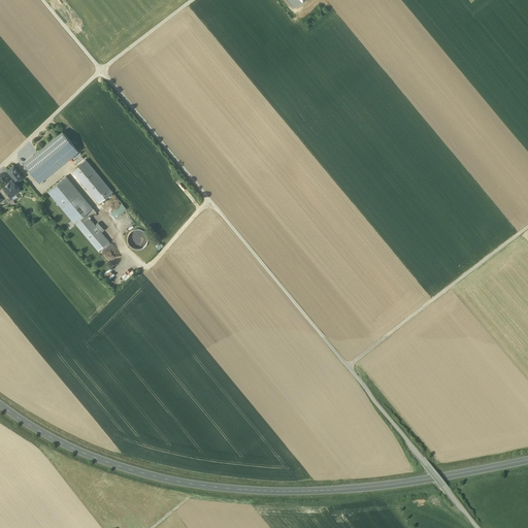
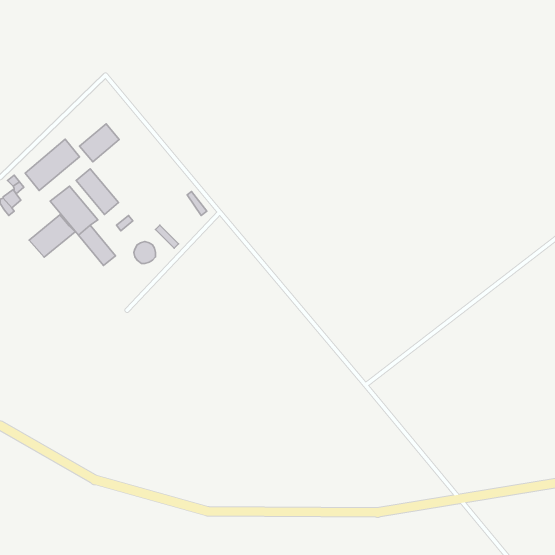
building: none -> [80,124,119,162]
building: none -> [29,215,75,257]

